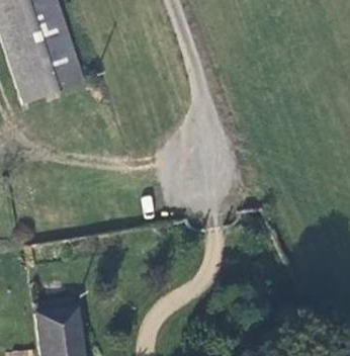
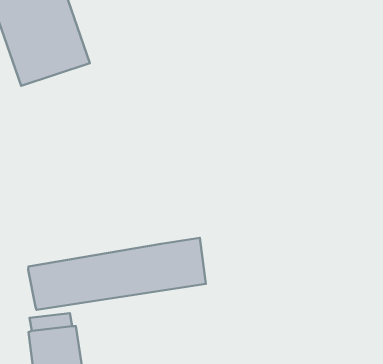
building: none -> [28,238,206,310]

